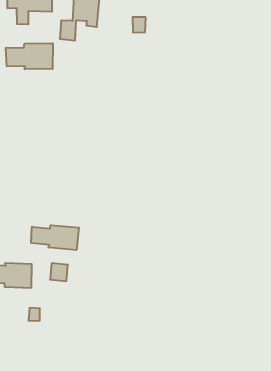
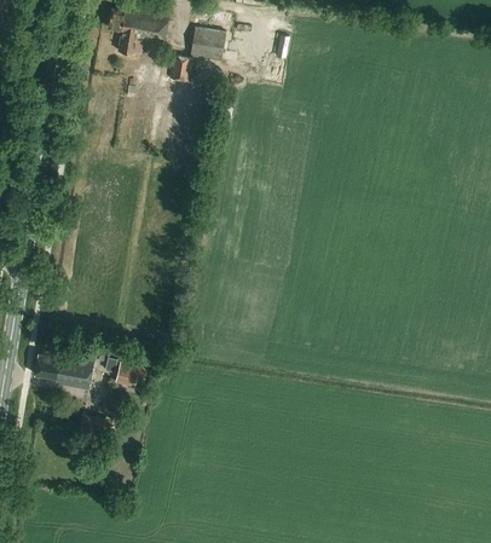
building: [6,43,53,69] -> none
building: [31,225,79,250] -> none

